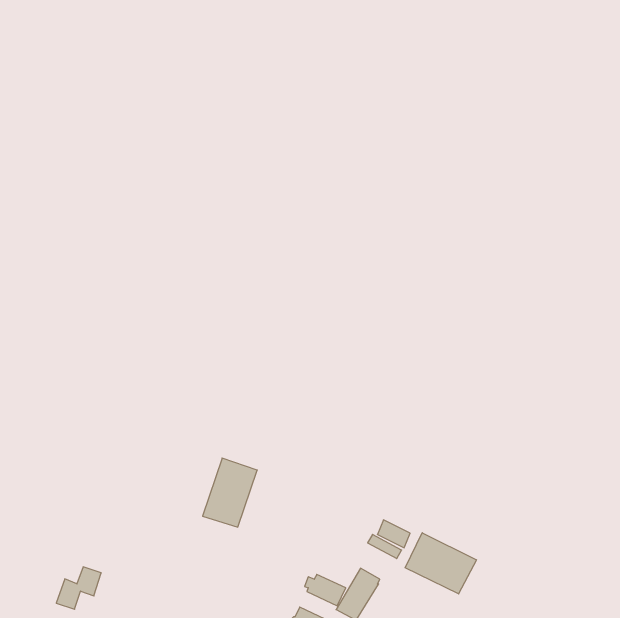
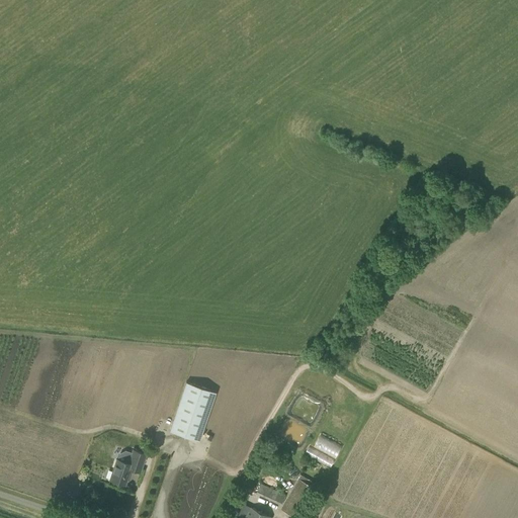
building: [405,533,476,594] -> none
building: [56,567,101,609] -> [109,450,147,486]

